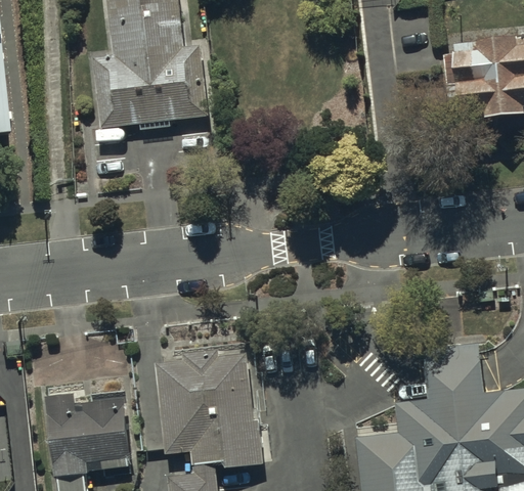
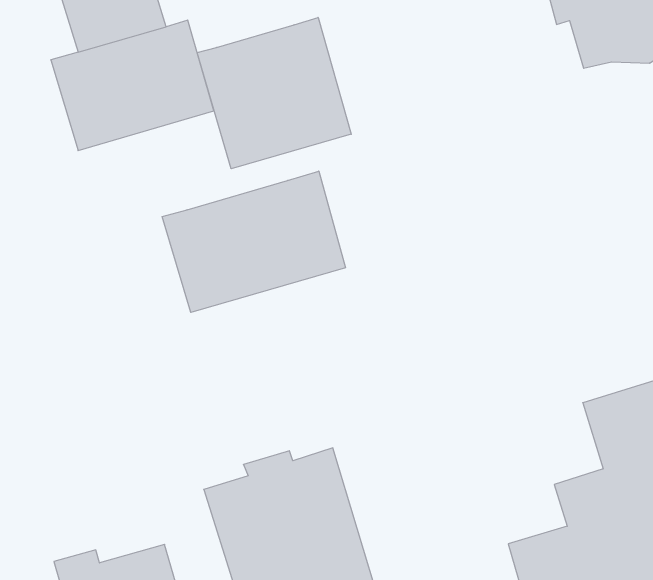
building: none -> [197,17,351,169]
building: none -> [162,171,346,312]

